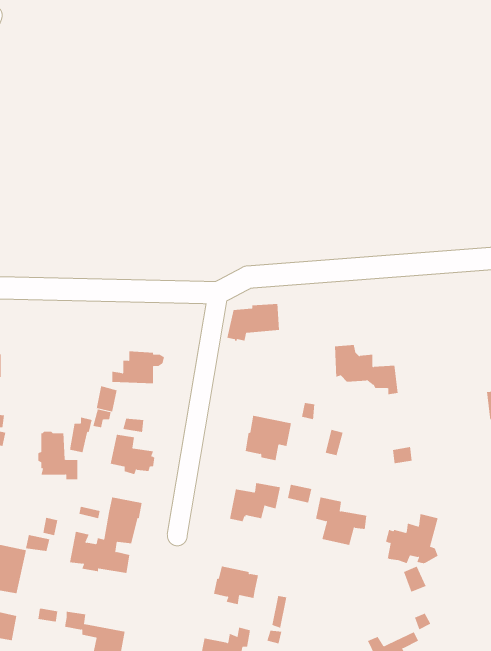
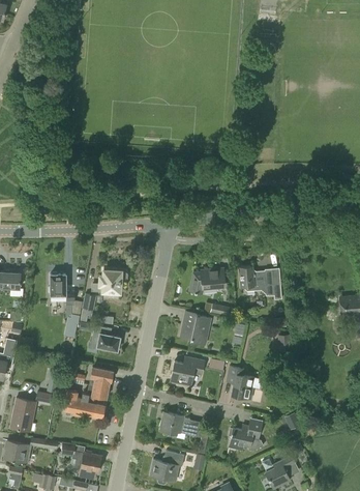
building: [226,303,280,341] -> [189,268,224,293]
building: [37,431,78,480] -> [48,272,74,305]
building: [385,514,439,564] -> [228,417,263,451]

